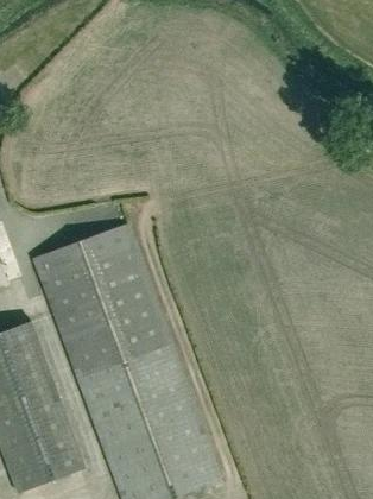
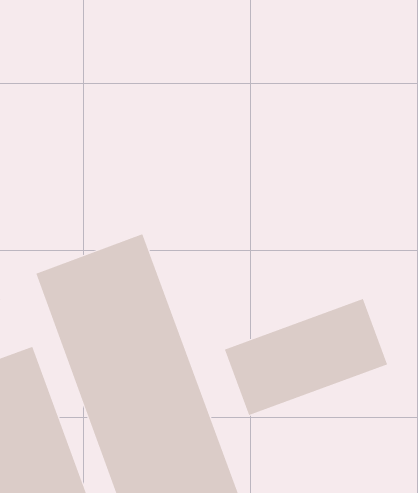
building: none -> [224,298,388,416]

